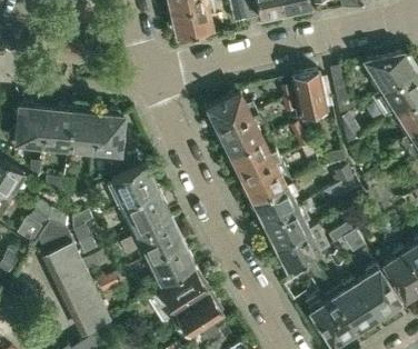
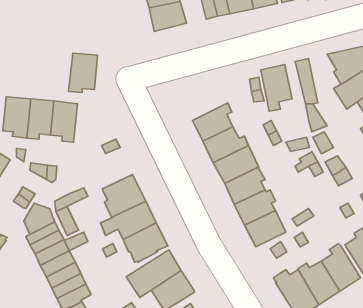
building: [208,92,258,132] -> none
building: [92,114,123,157] -> [69,53,98,93]
building: [111,166,156,209] -> none

